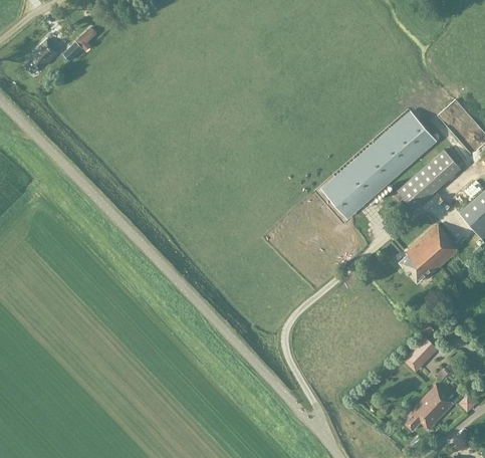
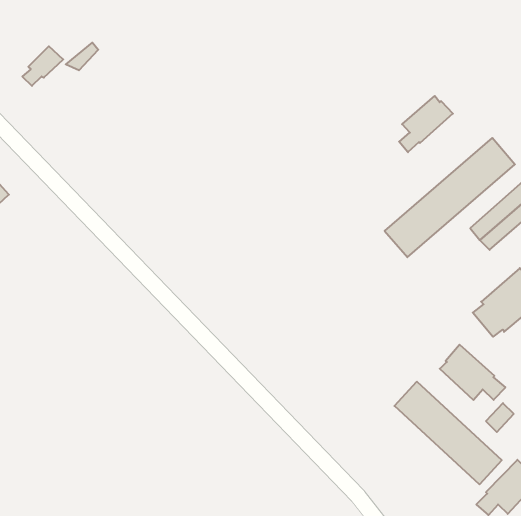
building: none -> [399,96,453,152]
building: none -> [440,345,505,400]
building: none -> [394,382,502,484]

